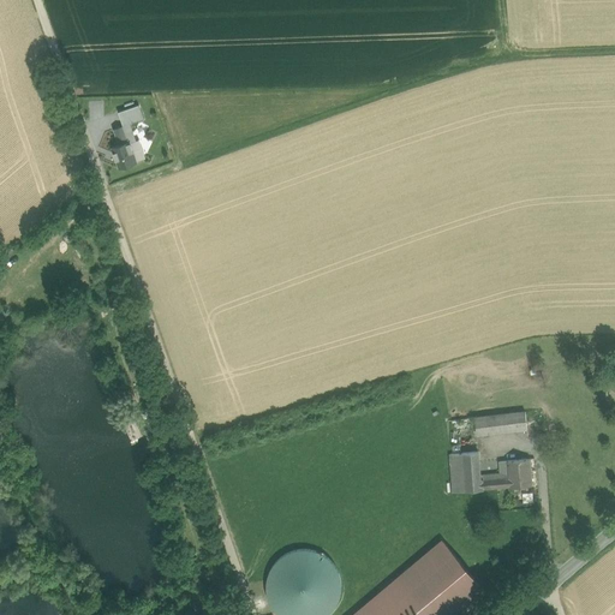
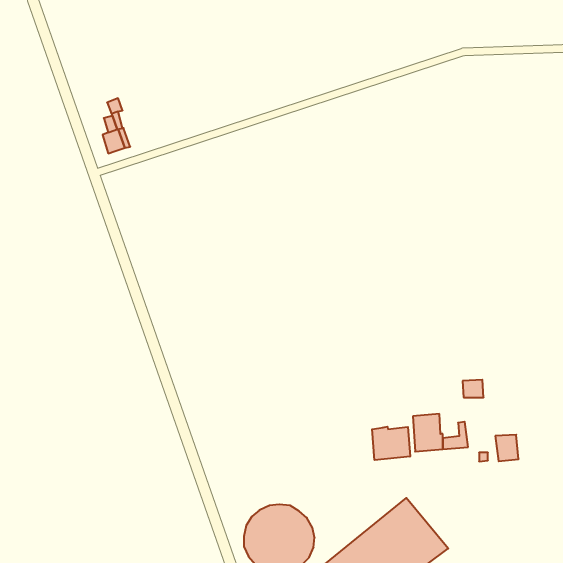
building: [474,416,504,436] -> none
building: [506,459,531,488] -> [495,435,519,461]
building: none -> [372,427,410,460]

